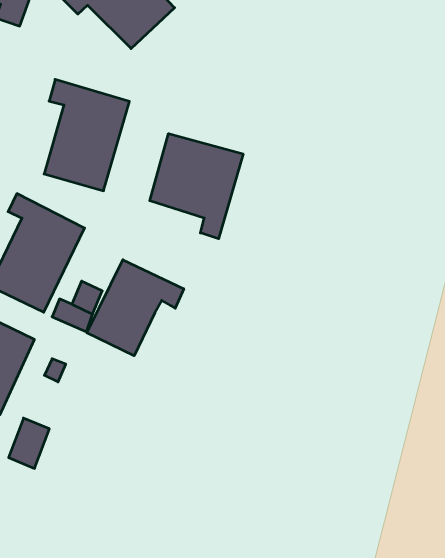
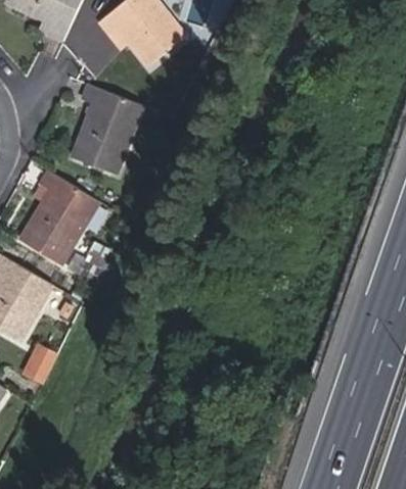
building: [150,134,243,239] -> none
building: [87,260,184,356] -> none

